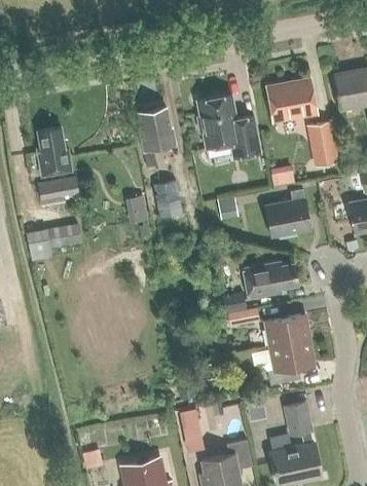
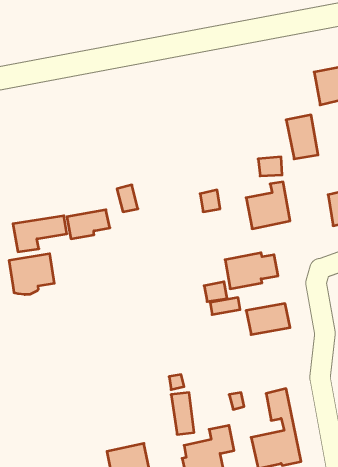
building: [269,80,316,122] -> none
building: [196,95,260,159] -> none
building: [137,109,174,165] -> none
building: [38,128,71,177] -> none
building: [36,177,80,207] -> [67,210,110,239]
building: [151,180,181,219] -> none
building: none -> [9,254,54,295]
building: [267,339,314,384] -> none

